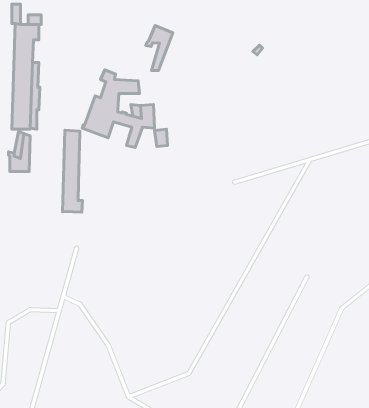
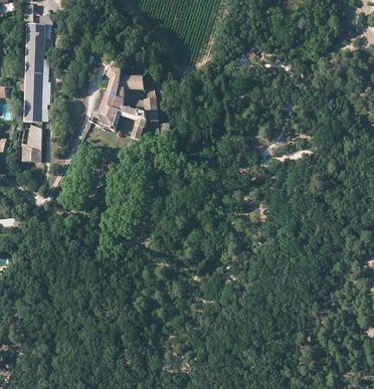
building: [146,26,173,71] -> none
building: [62,130,83,212] -> none

